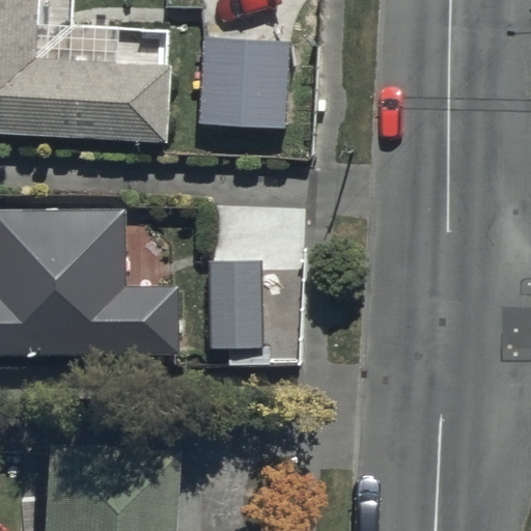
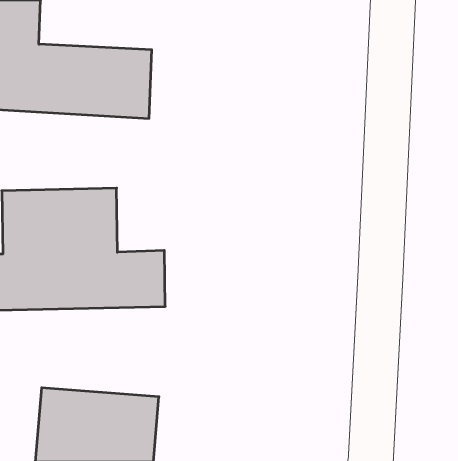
building: [198,37,288,127] -> none
building: [206,255,271,366] -> none

